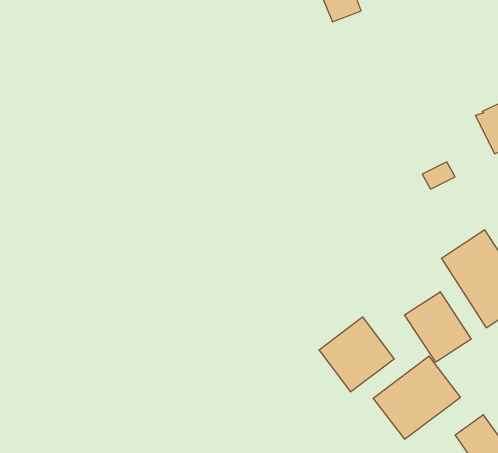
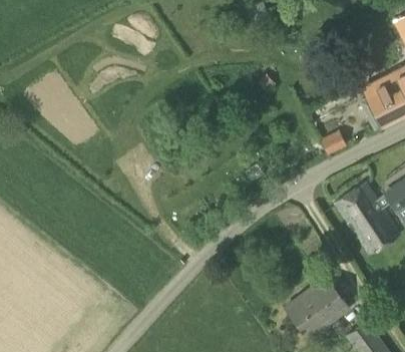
building: [405,292,471,362] -> none
building: [319,317,394,392] -> none

